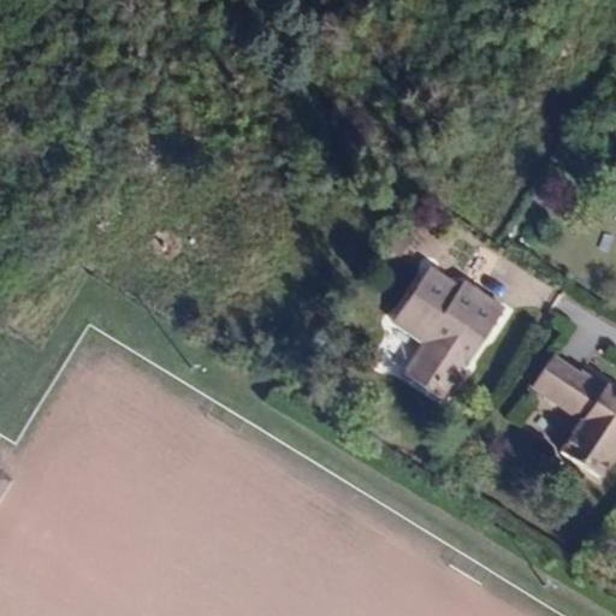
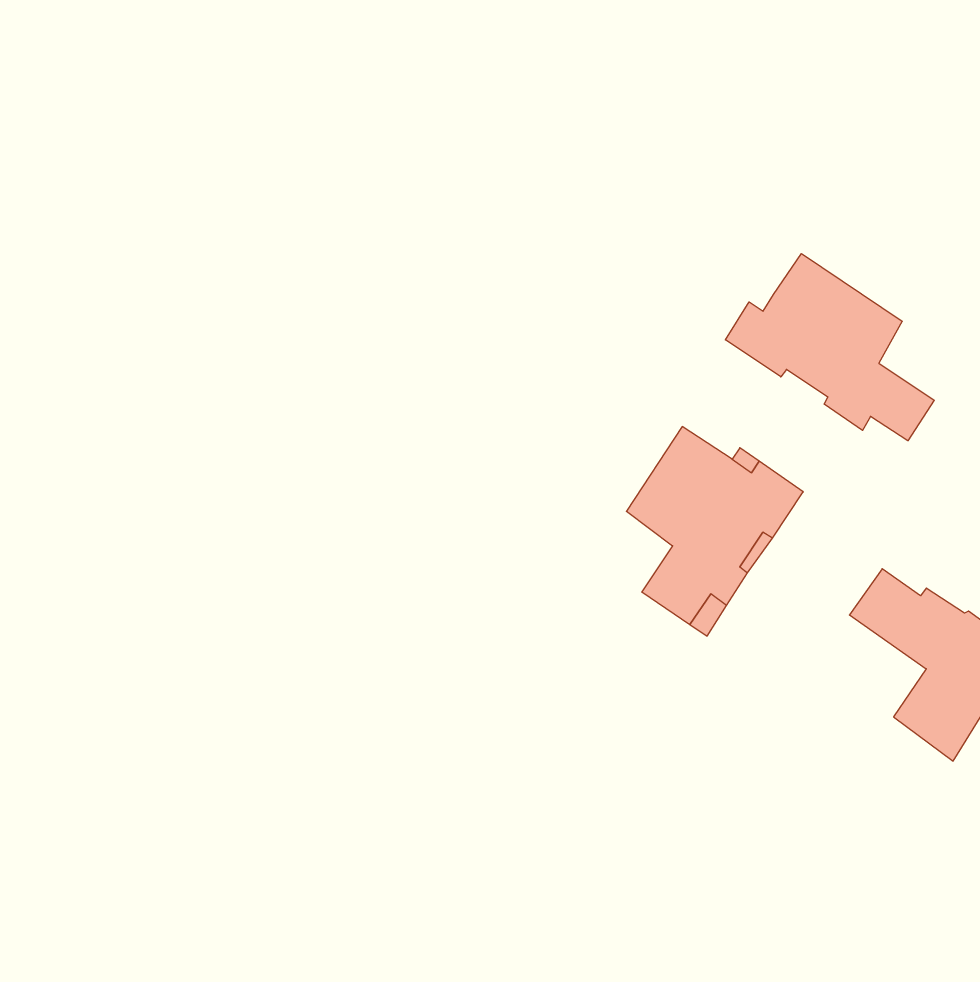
building: none -> [725,254,934,441]

